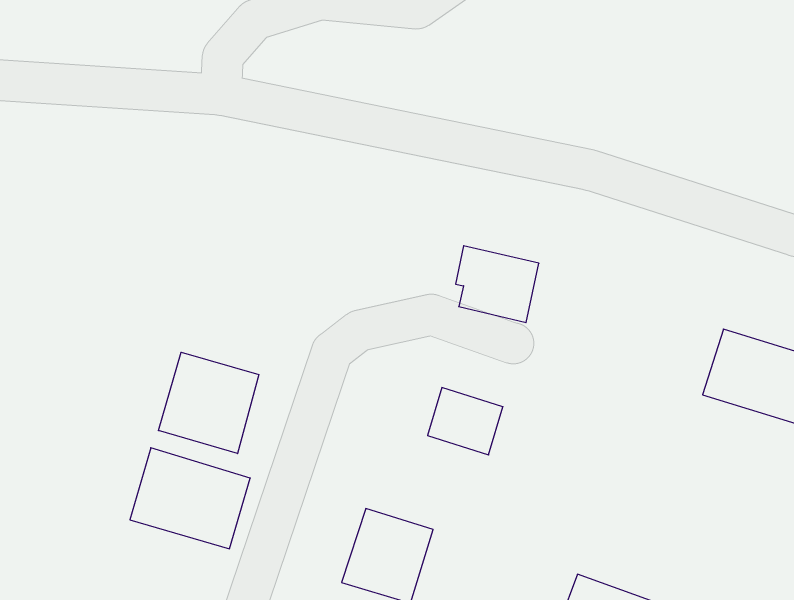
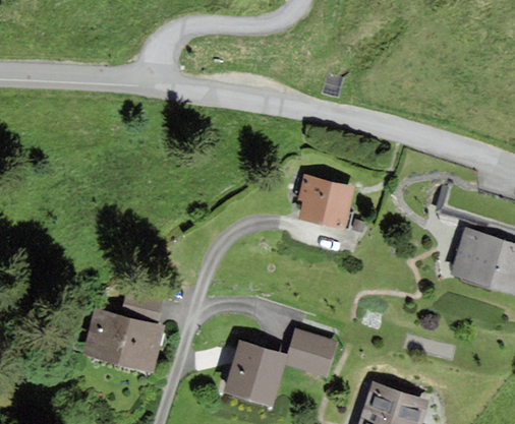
building: [158,352,259,454] -> none
building: [428,388,503,455] -> [287,332,335,375]

